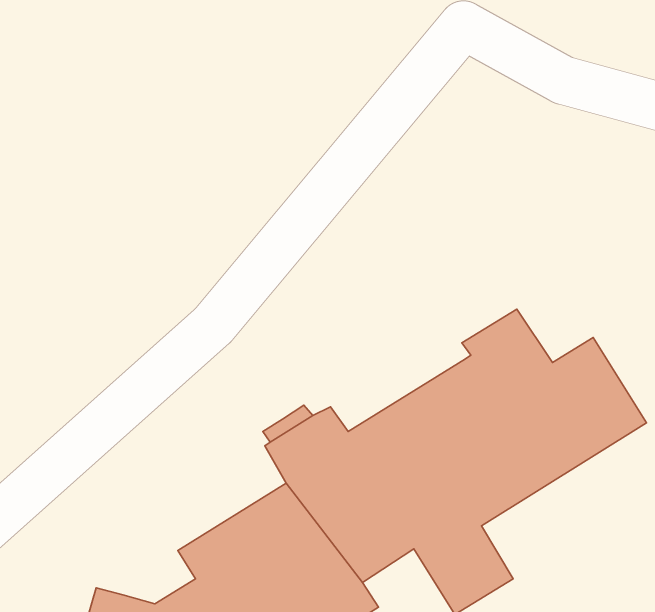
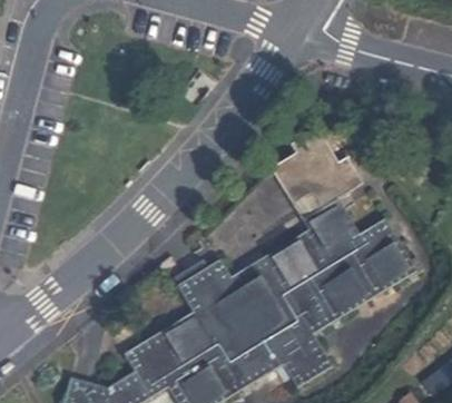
building: none -> [271,128,362,220]

